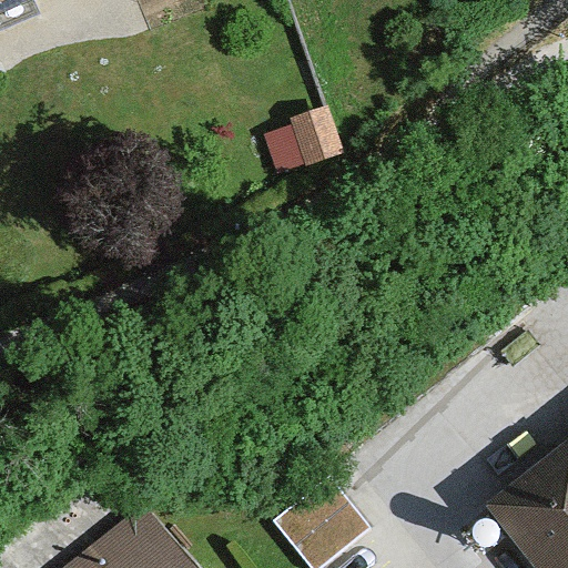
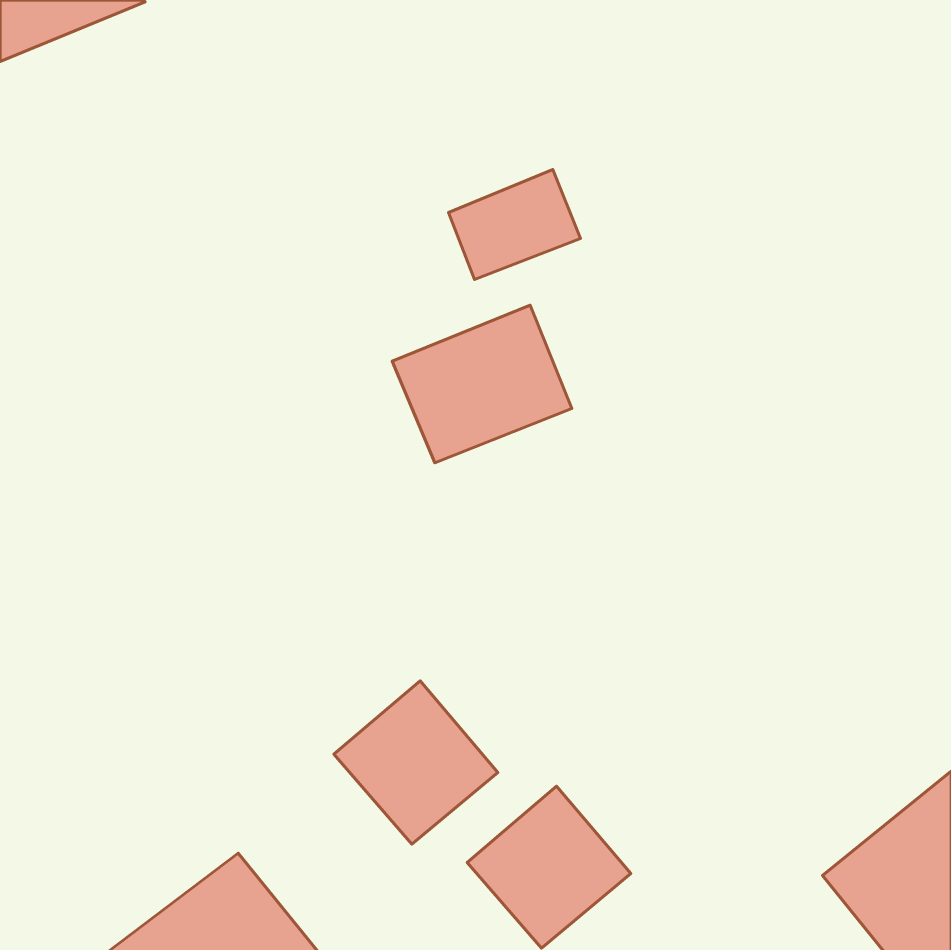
building: none -> [392,305,572,463]
building: none -> [334,681,498,844]

